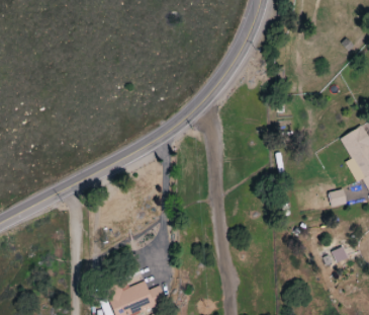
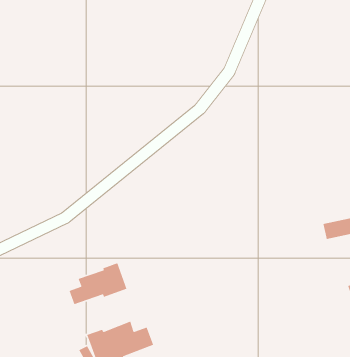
building: none -> [69,262,127,305]

